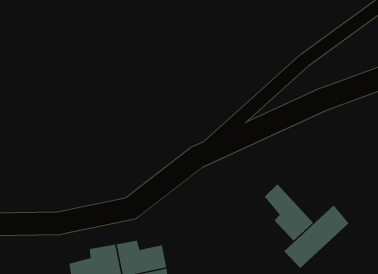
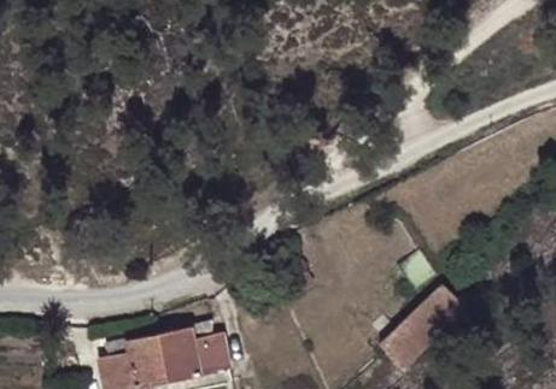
building: [264,183,314,241] -> none

